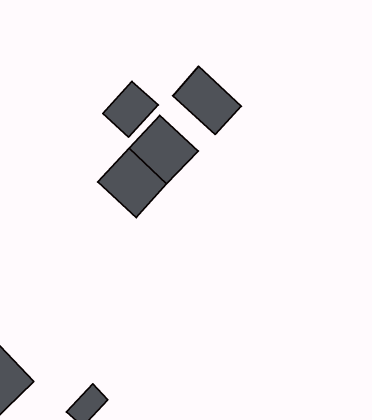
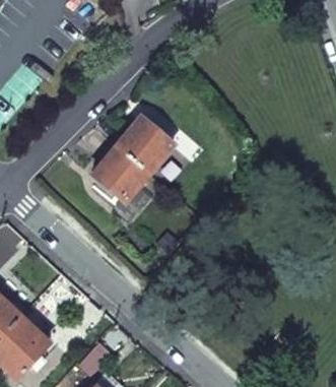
building: [173,66,241,134] -> none
building: [103,81,158,137] -> none

